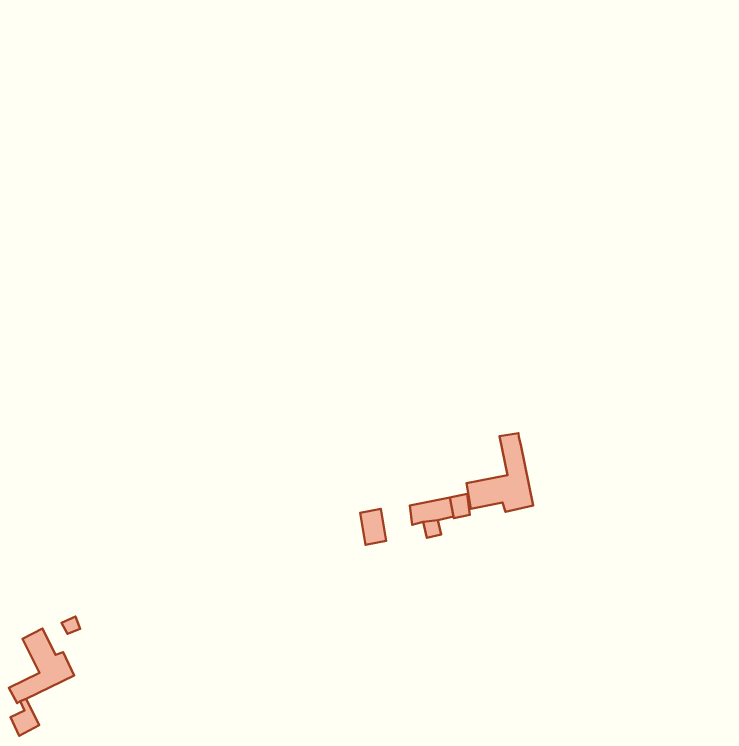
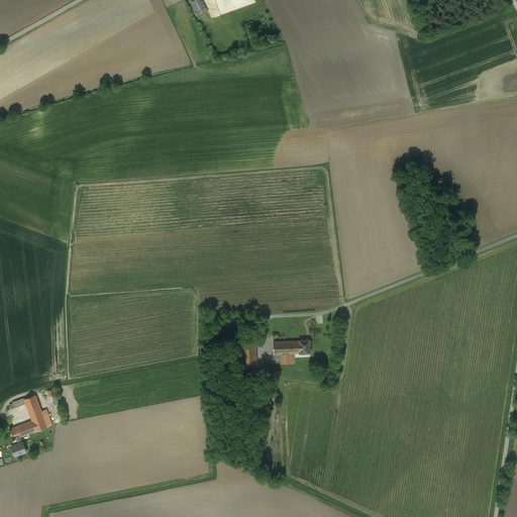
building: [466,433,533,512] -> none

